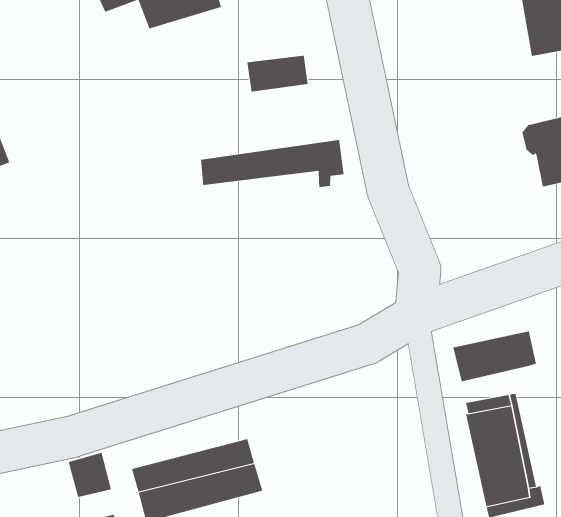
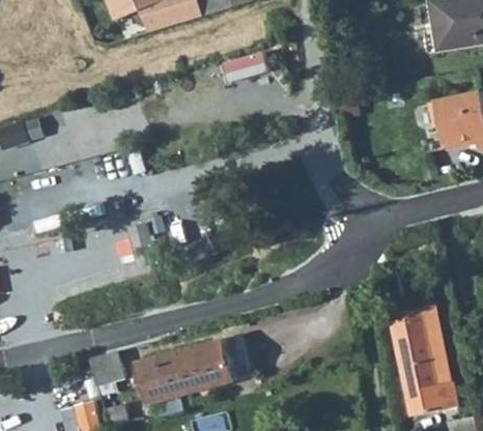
building: [201,139,344,188] -> none
building: [452,331,536,382] -> none

